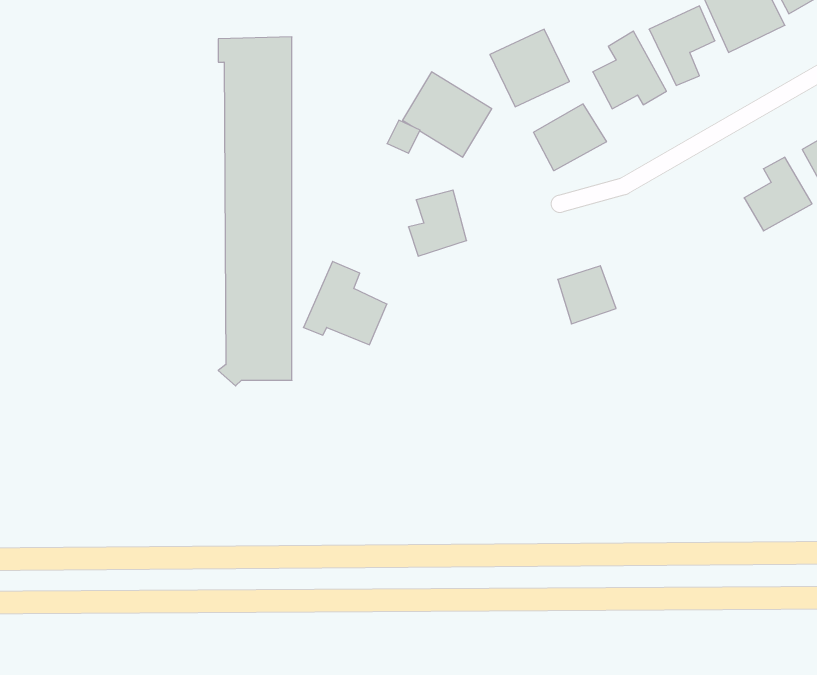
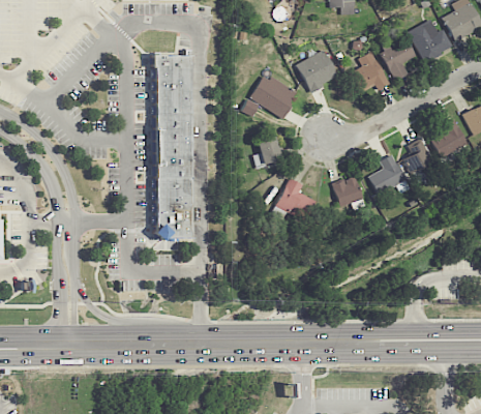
building: [534,104,606,171] -> none
building: none -> [407,138,432,179]
building: none -> [368,154,409,194]
building: [303,261,387,345] -> [273,178,318,223]

